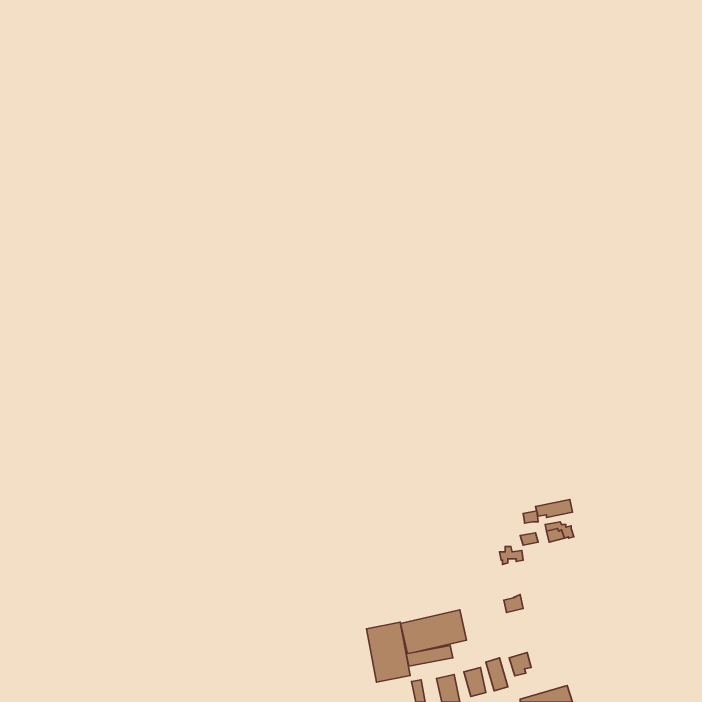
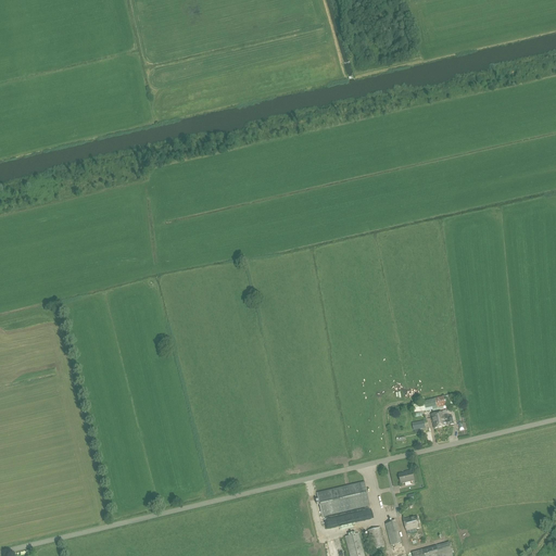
building: [366,622,410,682] -> none

